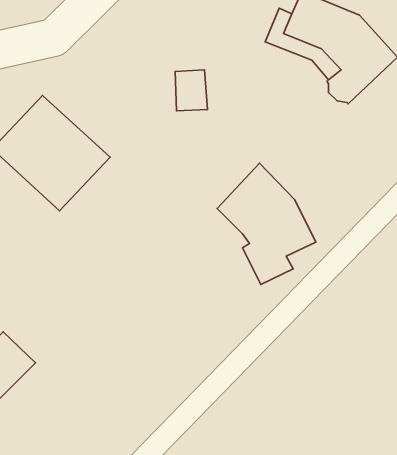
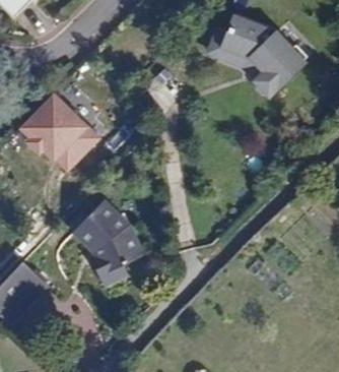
building: [217,163,316,284] -> [75,197,146,285]

